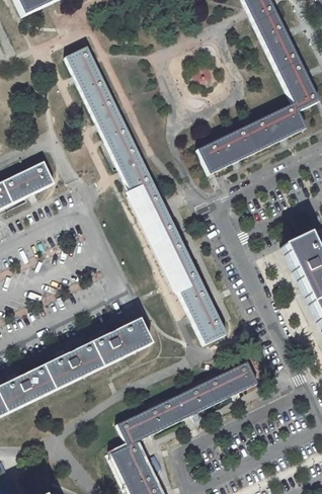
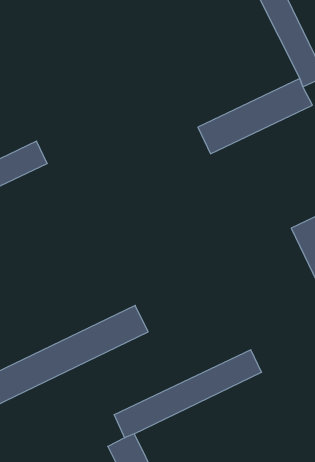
building: [65,47,225,343] -> none

